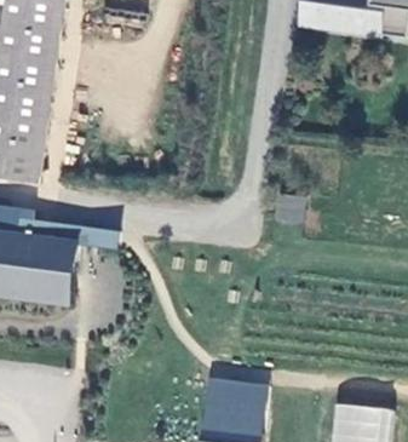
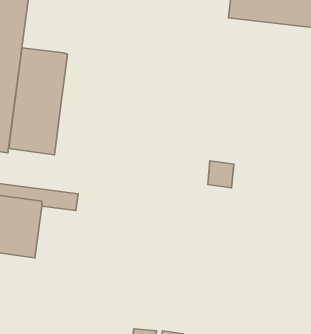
building: none -> [9,48,68,155]

